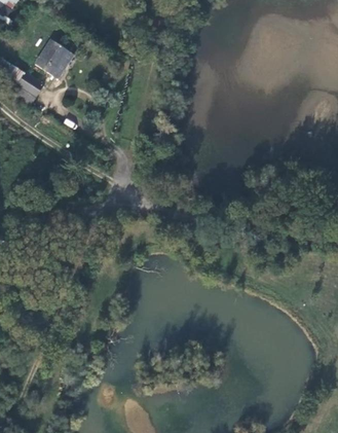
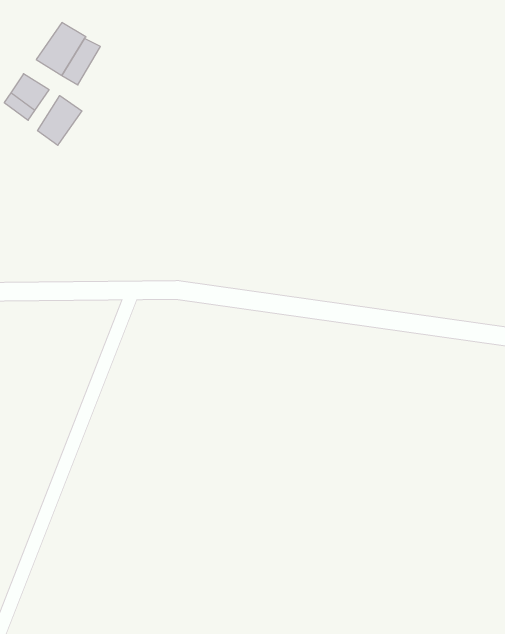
building: none -> [38,96,82,145]

